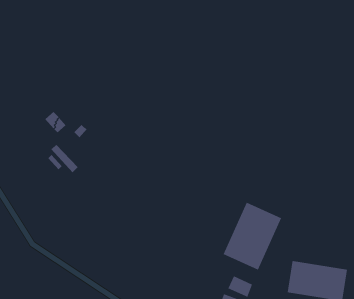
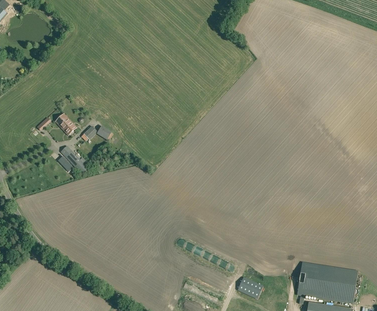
building: [223,202,282,270] -> none

